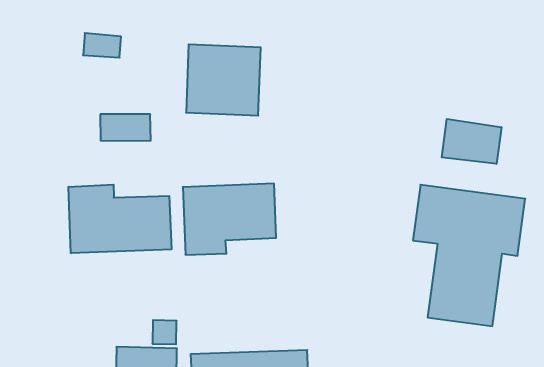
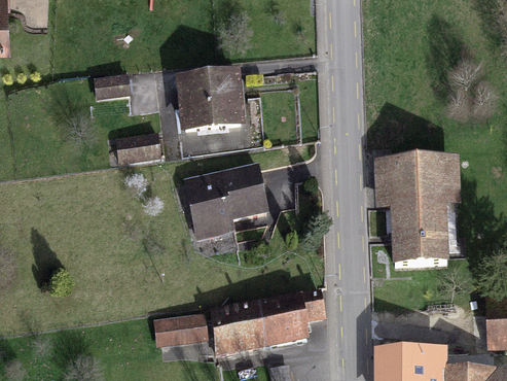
building: [442,119,501,164] -> none
building: [69,185,171,253] -> none

